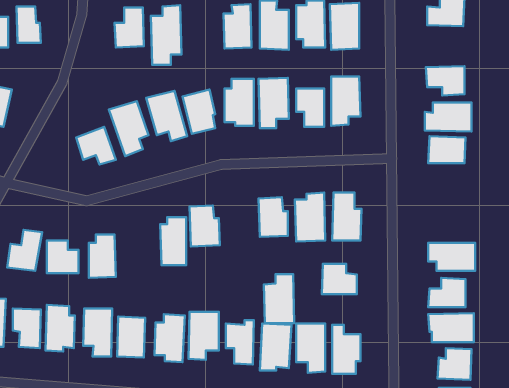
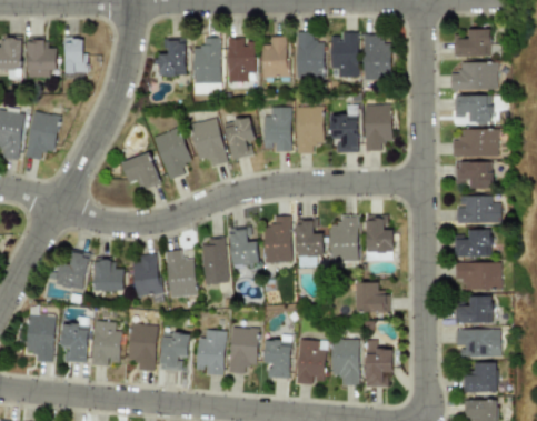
building: none -> [228,38,256,82]
building: none -> [450,61,498,90]
building: none -> [458,196,501,223]
building: none -> [456,230,493,257]
building: none -> [166,249,199,298]
building: [264,274,294,323] -> [263,215,292,262]

